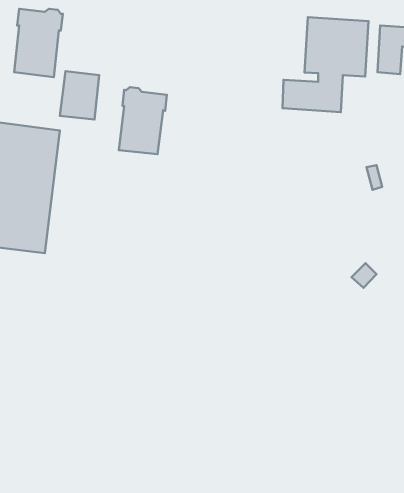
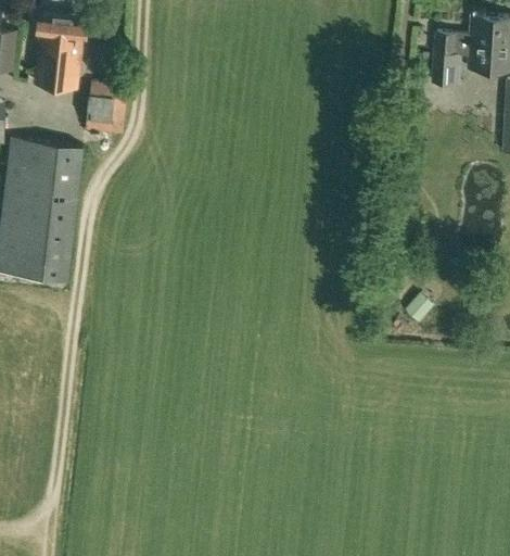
building: [282,17,369,112] -> none
building: [119,87,167,154] -> none

